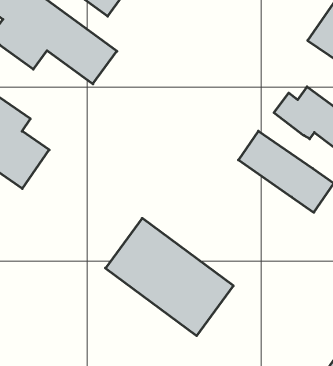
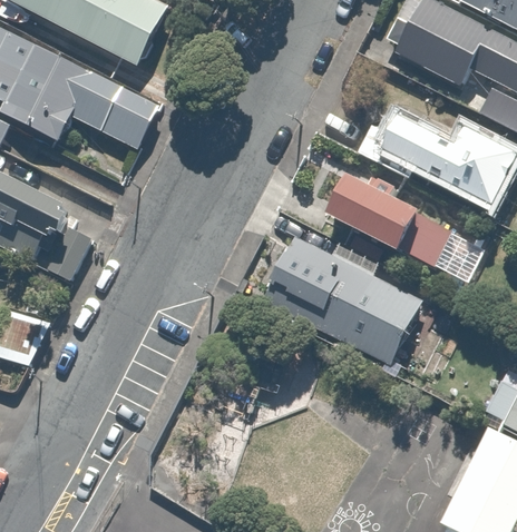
building: [105,218,233,336] -> [261,231,421,365]

